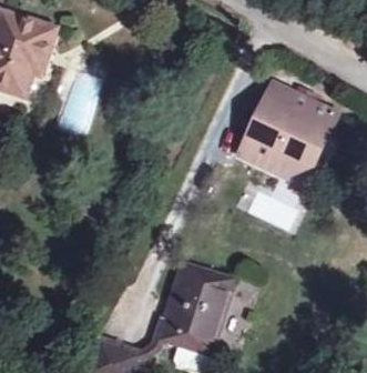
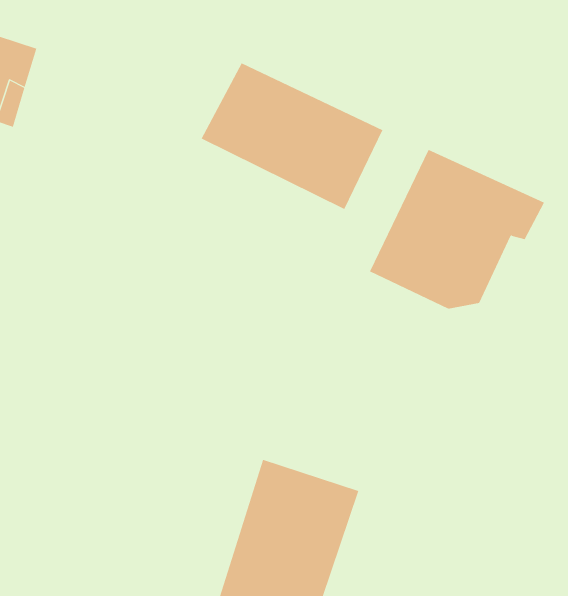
building: none -> [201,63,383,210]

